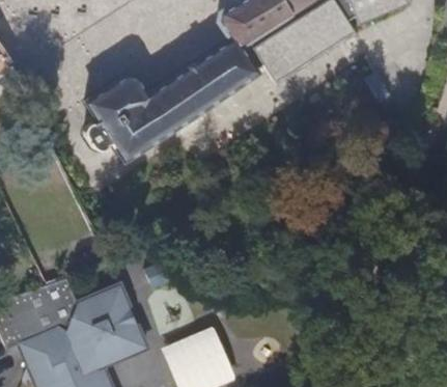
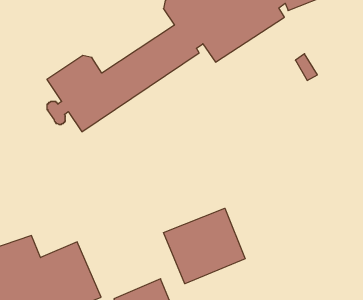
building: none -> [164,208,245,284]

